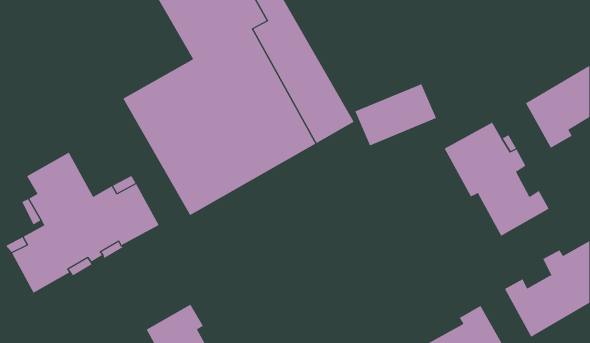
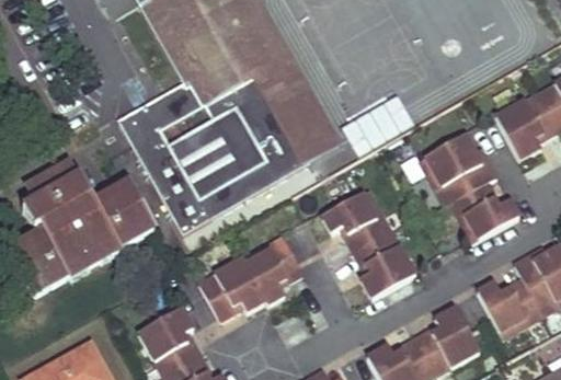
building: none -> [323,188,417,298]
building: none -> [199,234,305,319]

